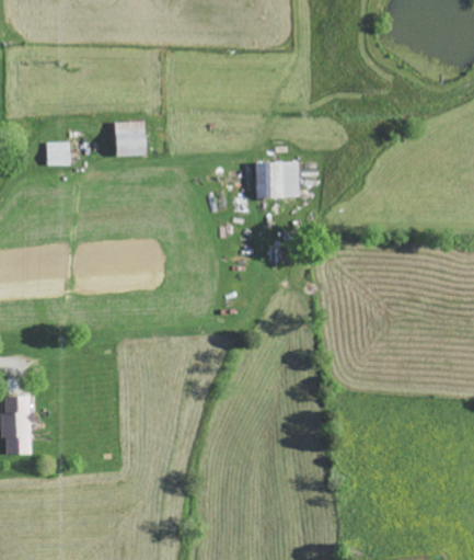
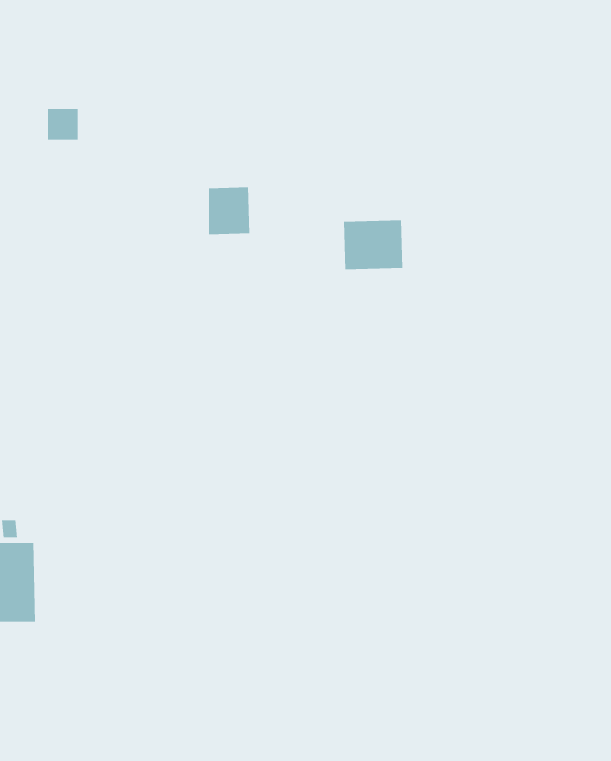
building: [116,121,147,156] -> [208,187,250,235]
building: [46,141,69,164] -> [47,108,79,140]

